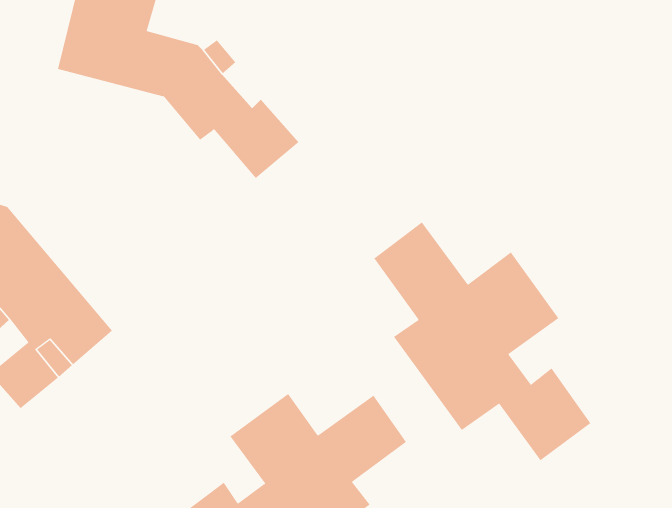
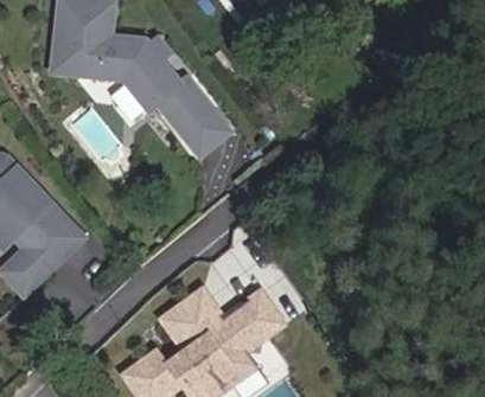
building: none -> [180,115,229,162]
building: [374,222,591,461] -> none

